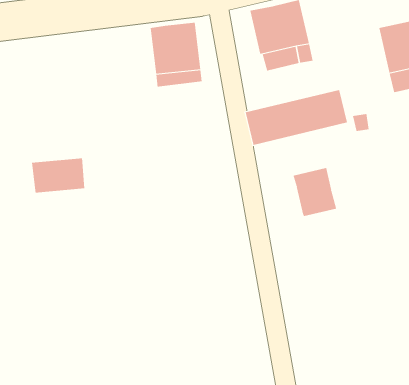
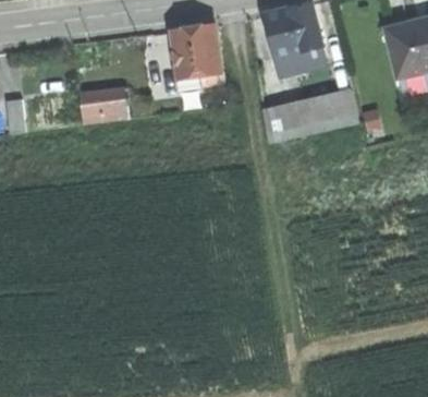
building: [31,158,85,193] -> [76,87,127,121]
building: [293,167,337,217] -> none

